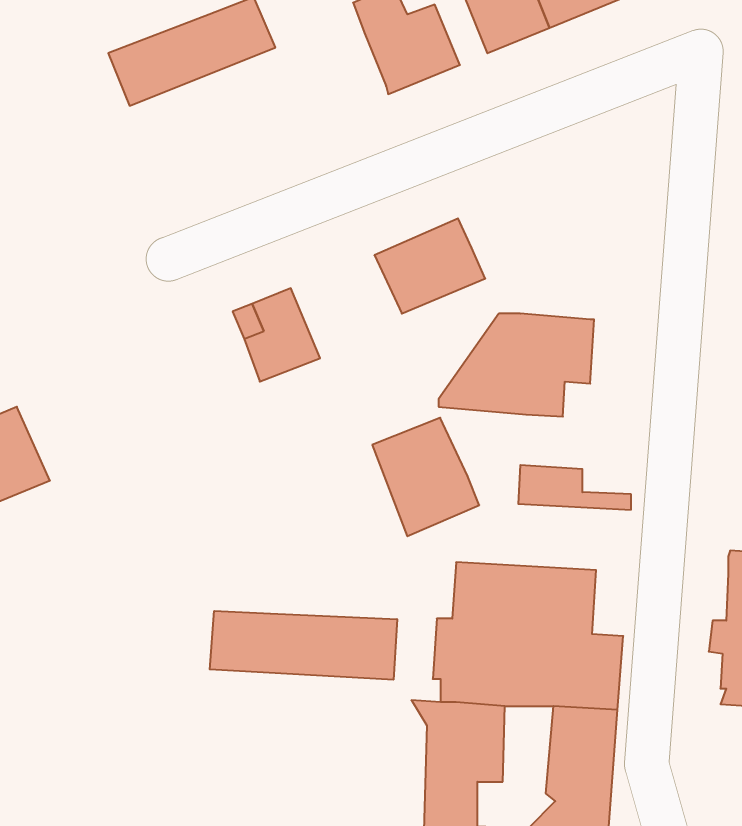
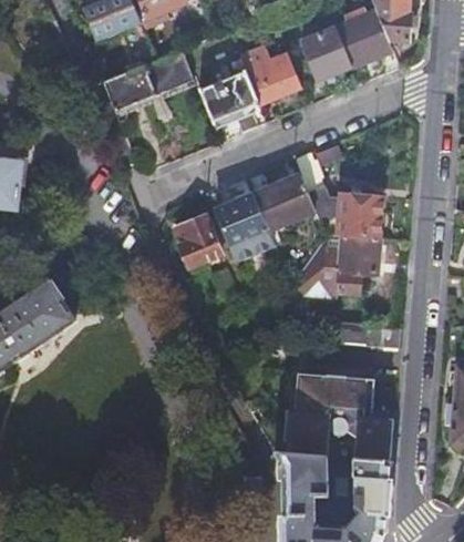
building: none -> [202,71,260,121]
building: none -> [295,152,380,234]
building: [372,418,479,536] -> [215,197,276,265]
building: [210,611,397,680] -> none

